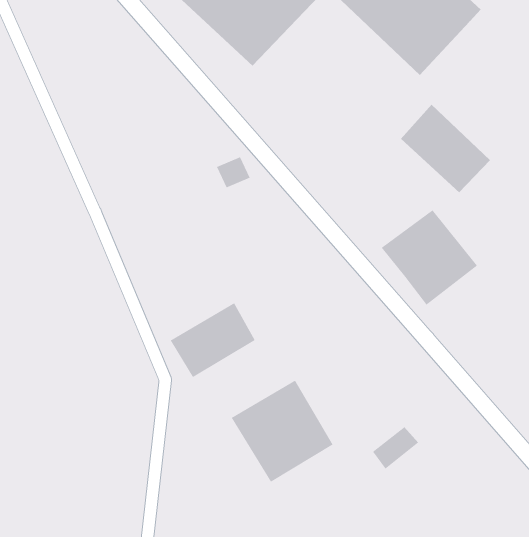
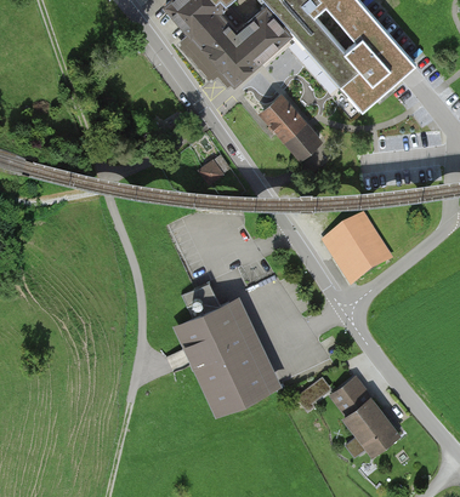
building: [400,104,491,193] -> [262,93,330,164]
building: [170,302,256,378] -> [177,302,243,356]
building: none -> [329,377,402,459]

